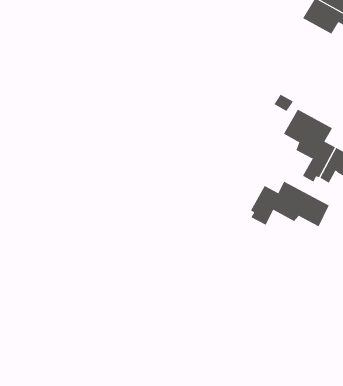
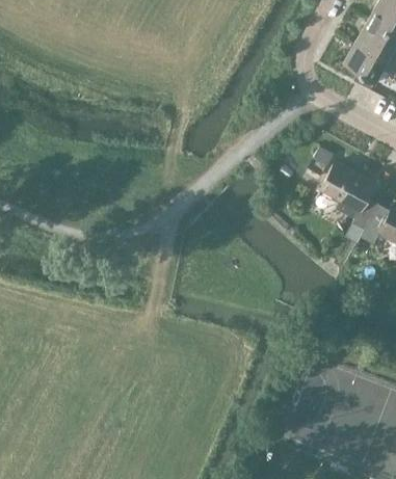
building: [250,181,329,227] -> none

